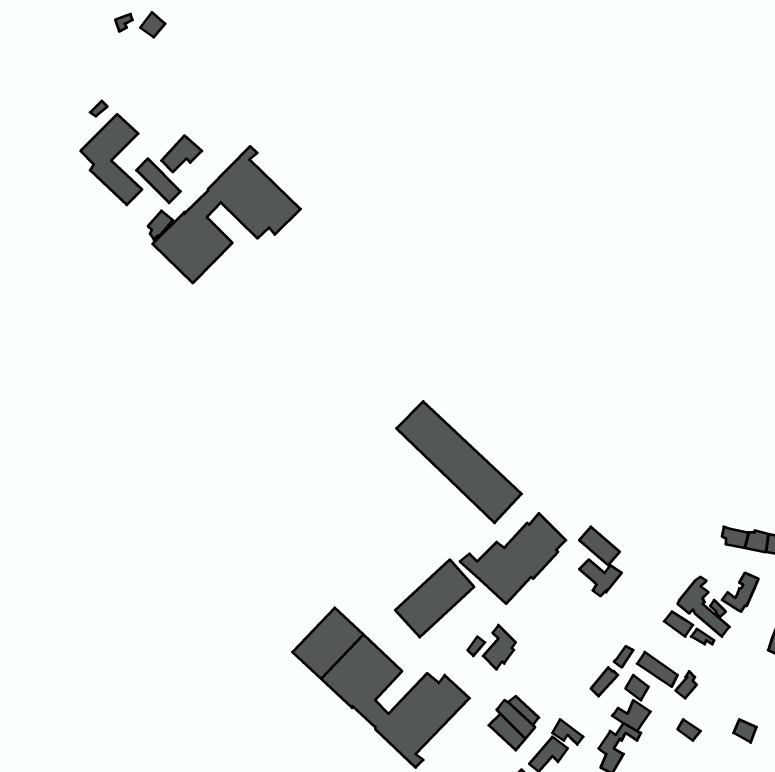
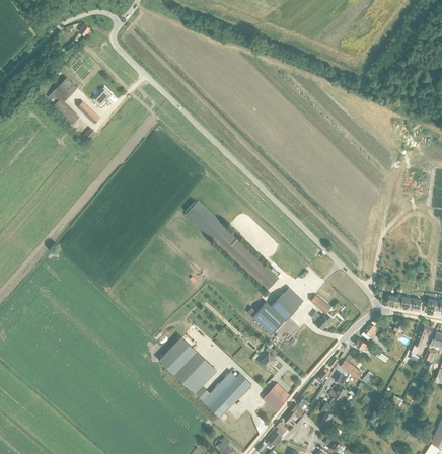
building: [153,146,301,283] -> none
building: none -> [186,201,228,242]
building: [395,560,474,637] -> none

